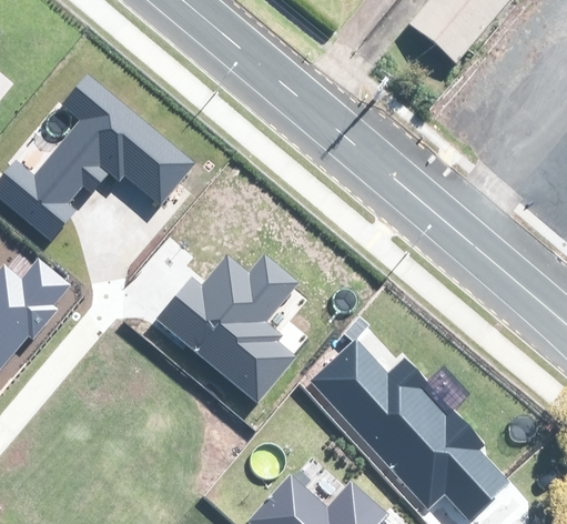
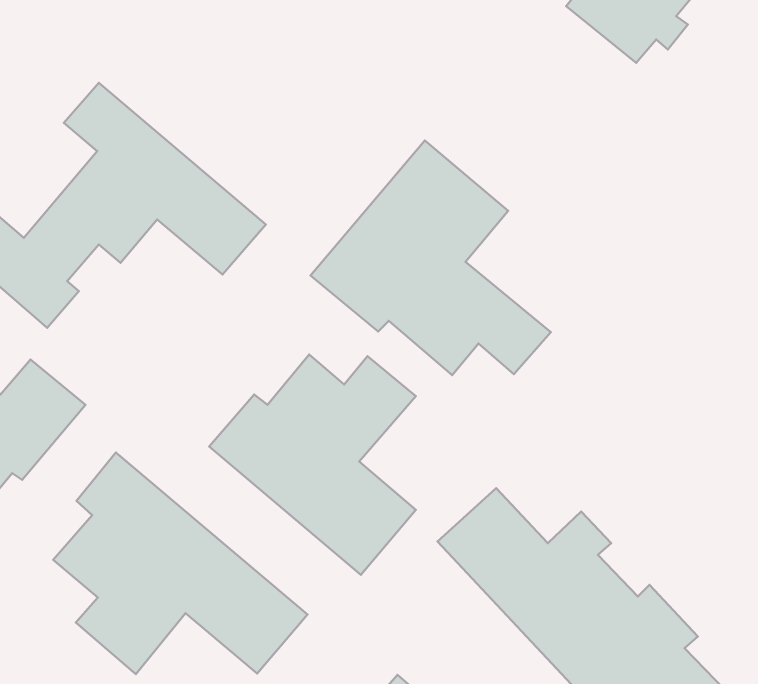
building: none -> [311,140,551,375]
building: none -> [53,453,307,674]

